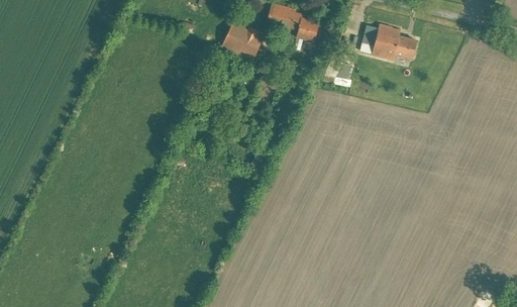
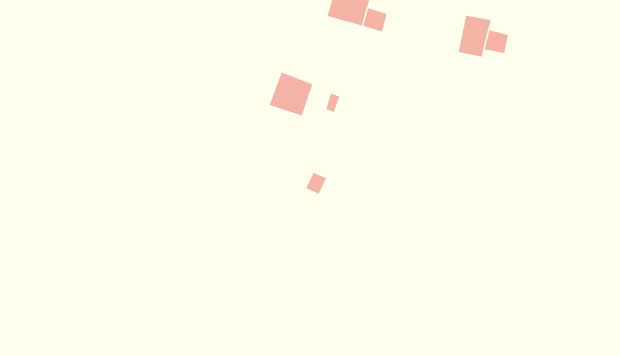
building: [225,21,262,58] -> [269,72,313,116]

